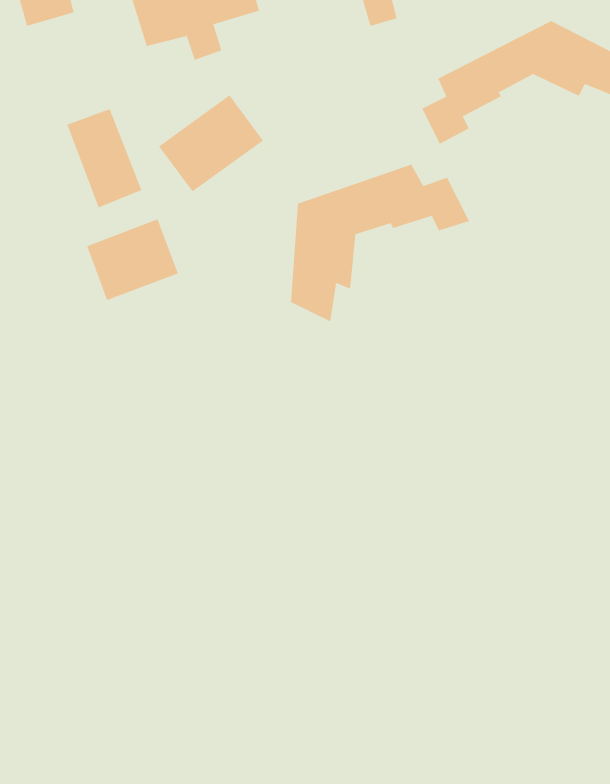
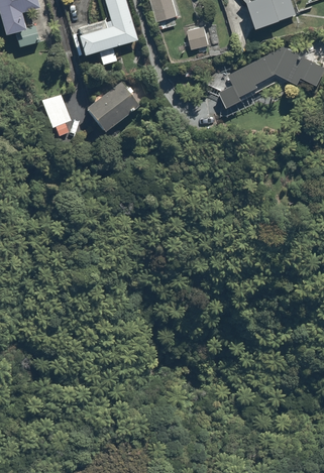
building: [290,164,470,322] -> none
building: [86,218,178,301] -> none

